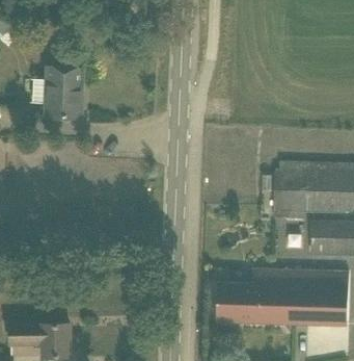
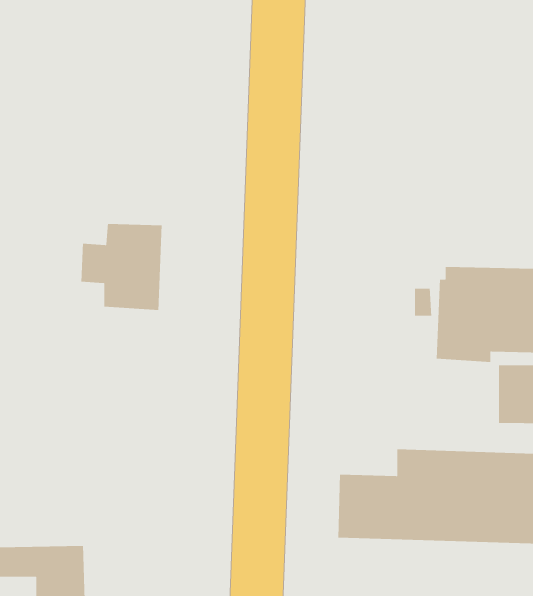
building: [32,68,80,119] -> [80,223,163,311]

